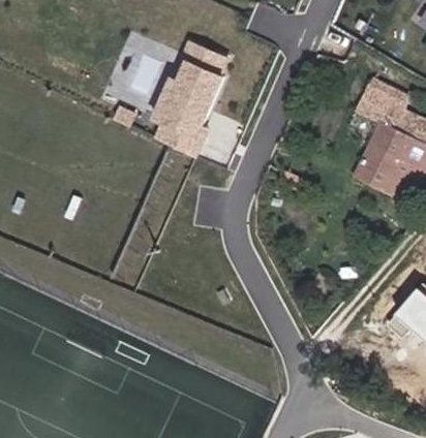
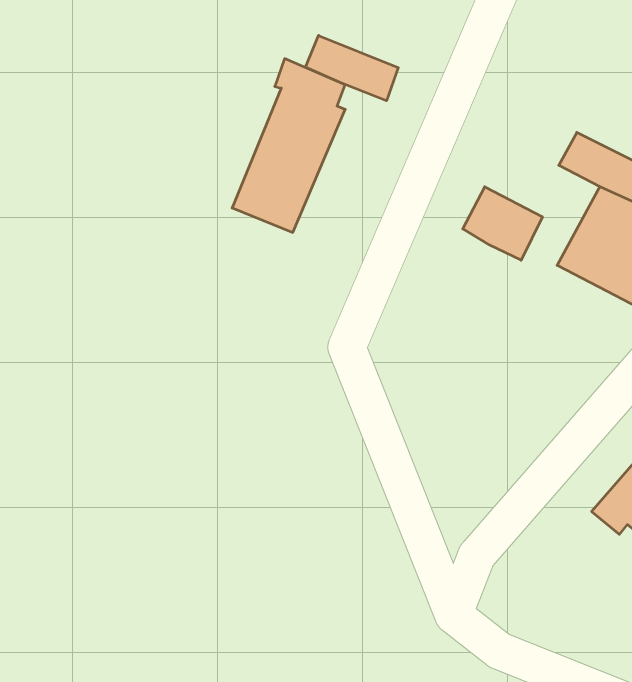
building: none -> [306,35,398,101]
building: none -> [463,187,542,260]

